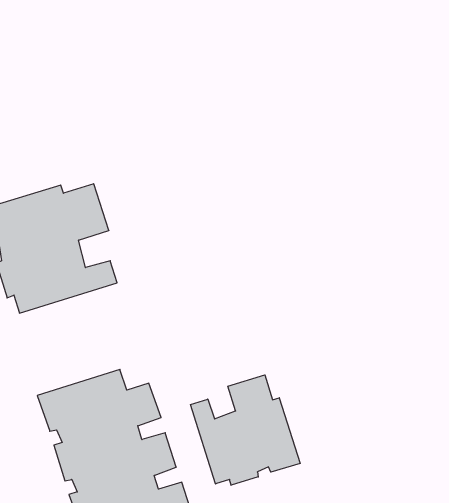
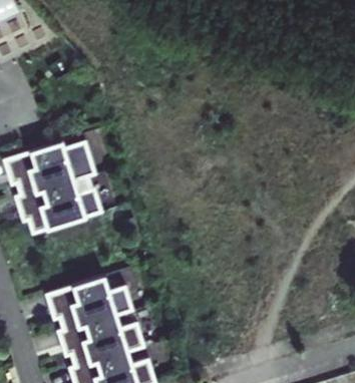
building: [190,375,300,485] -> none

